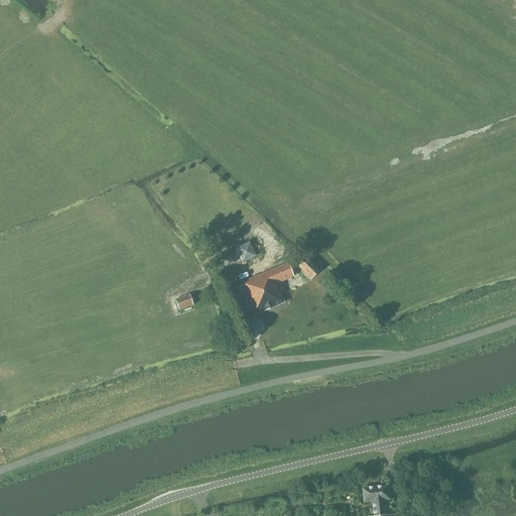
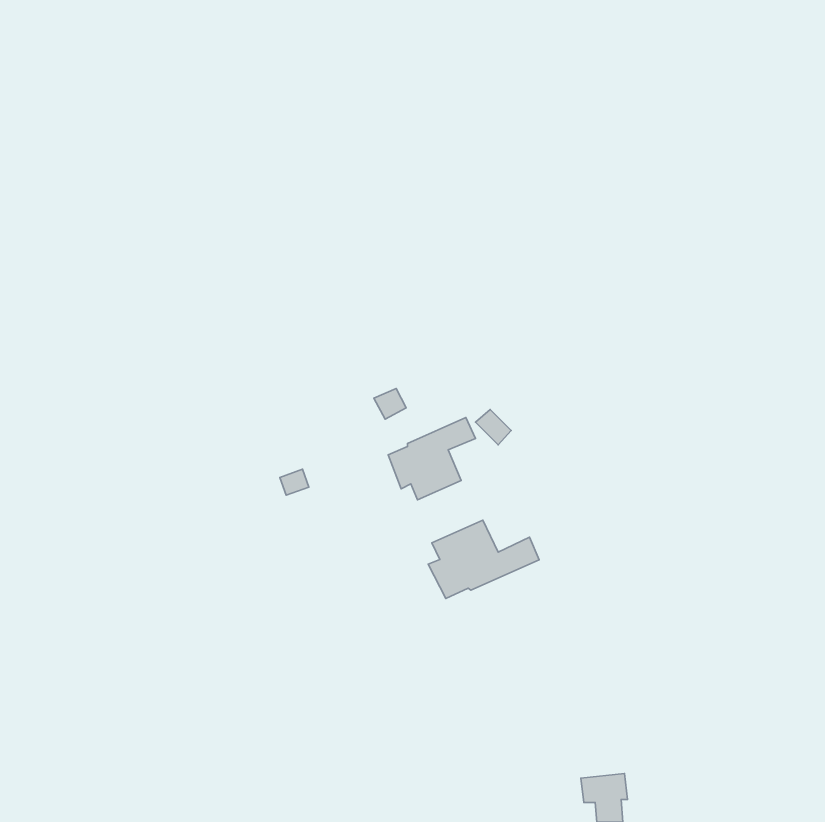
building: none -> [428,520,539,599]

